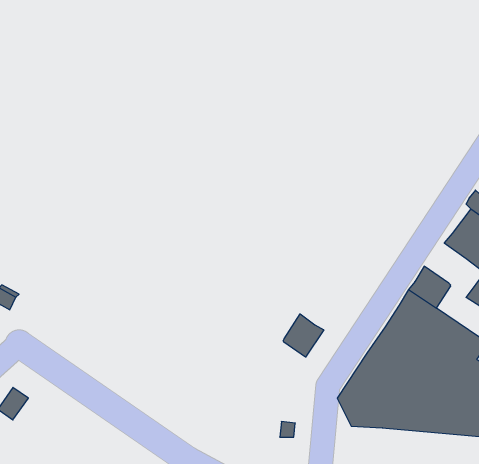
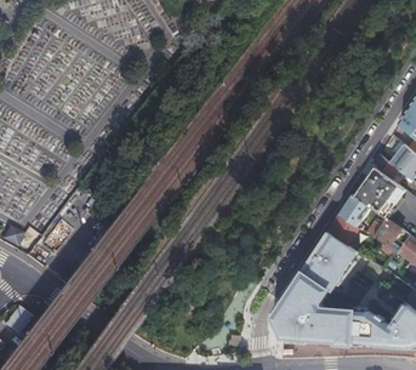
building: none -> [342,193,375,226]
building: [283,314,324,357] -> none

